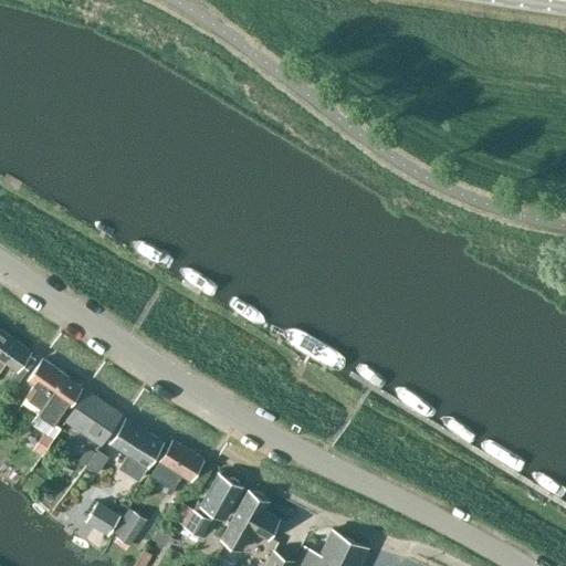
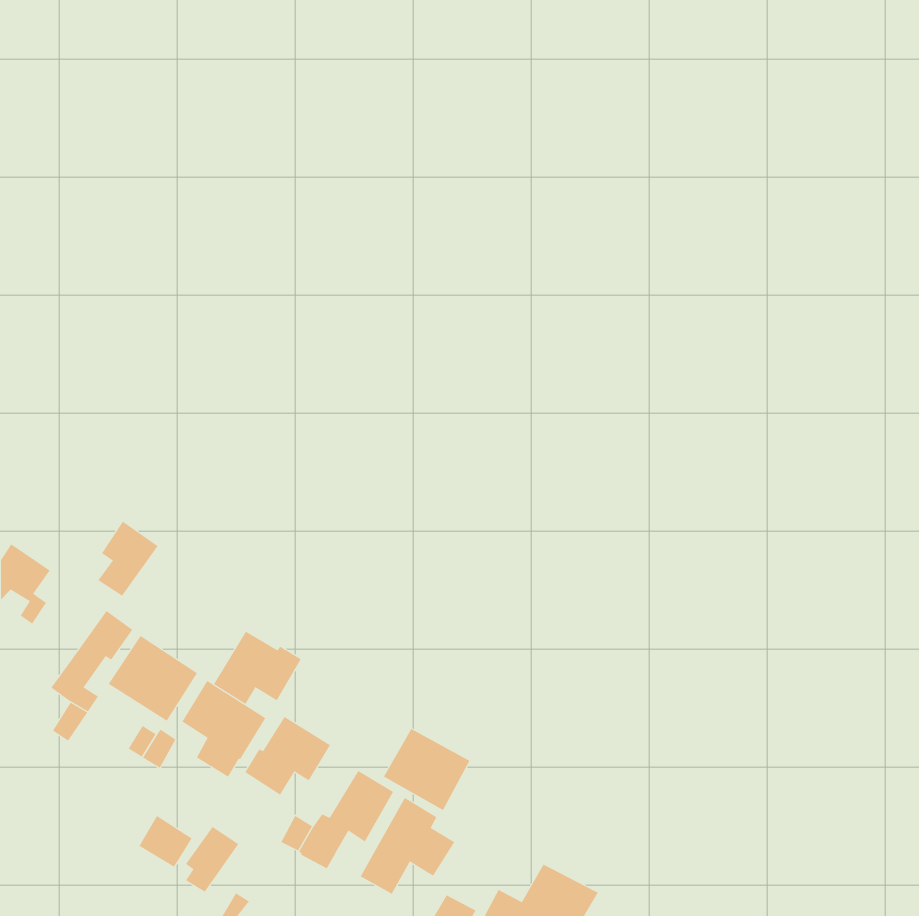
building: [28,361,65,408] -> [97,521,159,596]
building: none -> [213,631,301,705]
building: none -> [383,728,470,811]

